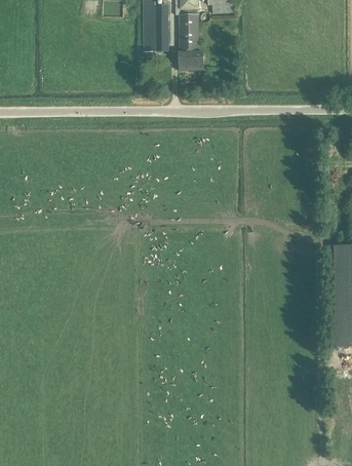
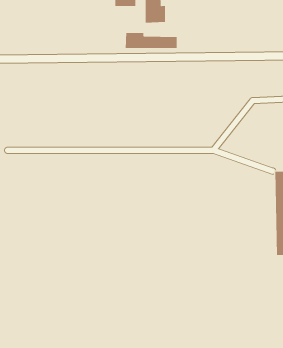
building: none -> [125,32,177,49]

